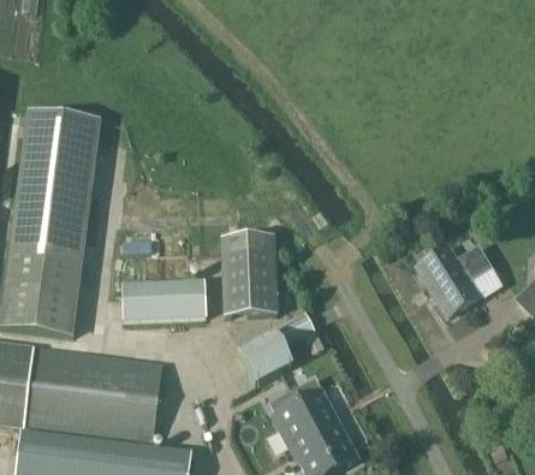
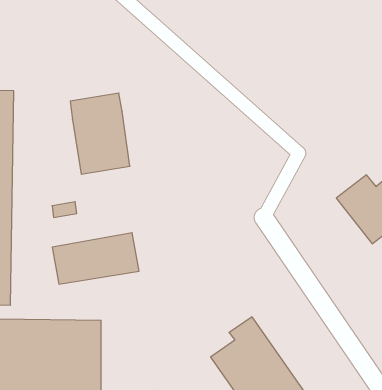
building: [222,234,275,313] -> [70,93,130,174]
building: [237,308,325,382] -> none

